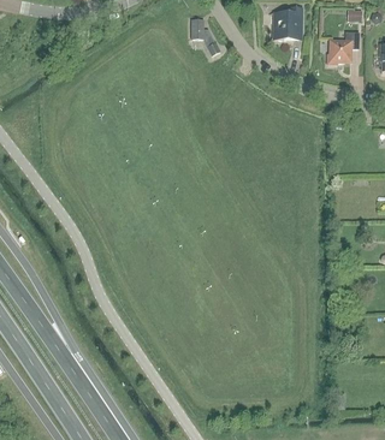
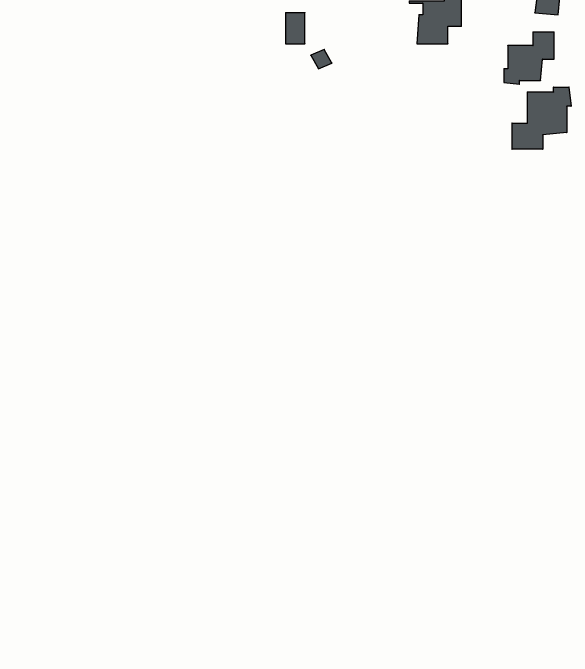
building: none -> [512,87,571,149]

